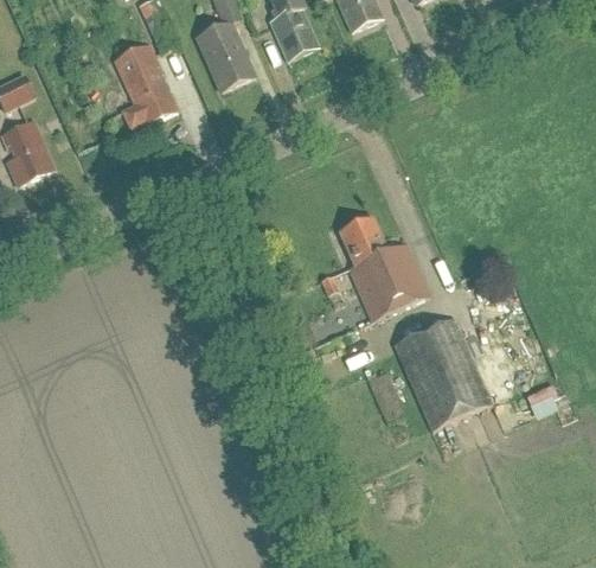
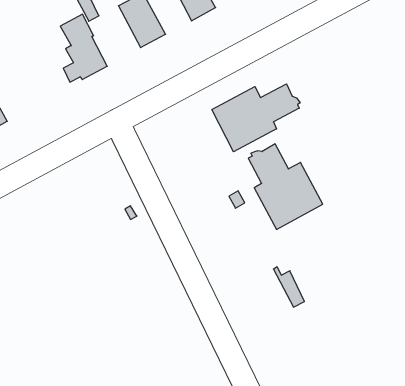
building: none -> [212,84,300,152]
building: [396,324,488,432] -> none

